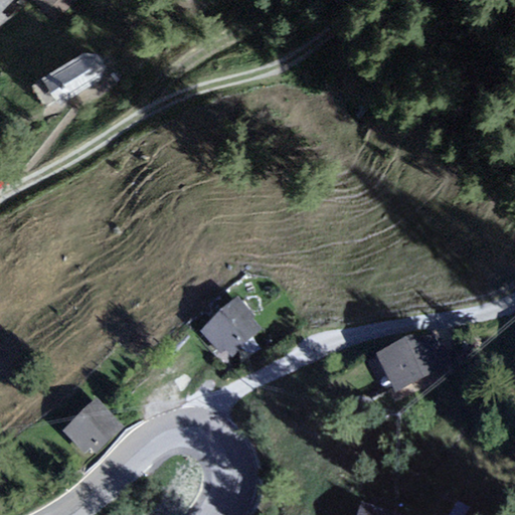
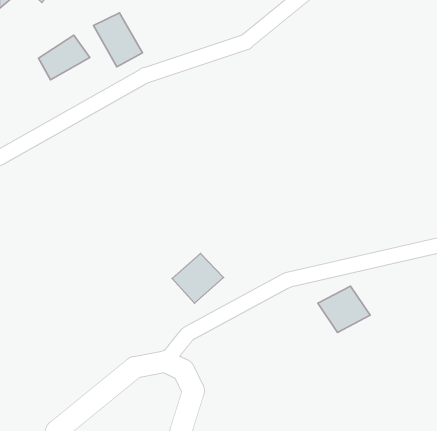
building: none -> [94,13,142,67]
building: [58,400,124,460] -> none

